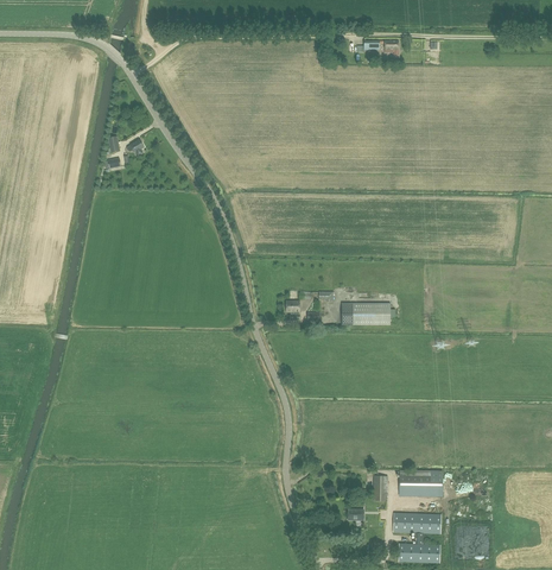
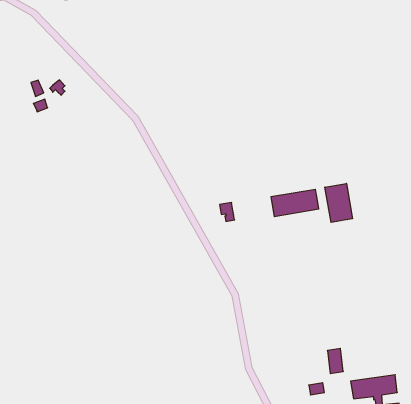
building: none -> [325,183,352,222]
building: [399,469,443,495] -> none

